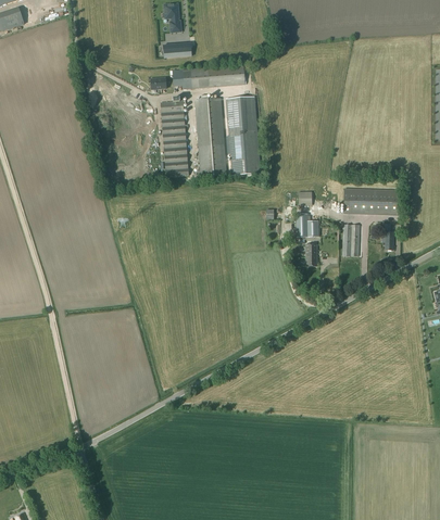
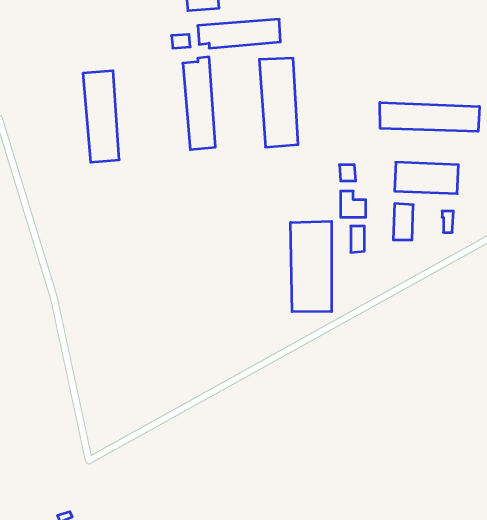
building: [194,97,226,176] -> [83,71,119,162]
building: none -> [380,102,479,131]
building: none -> [291,221,332,312]

